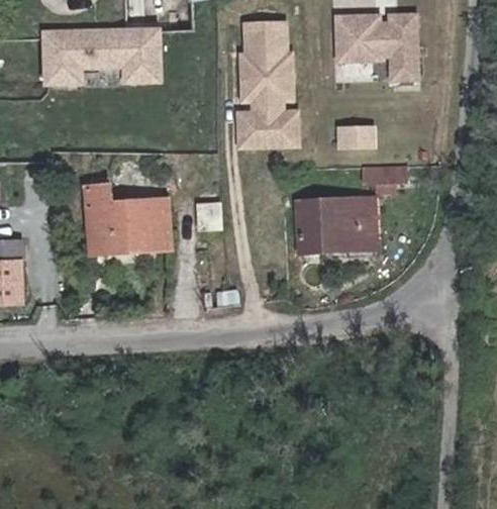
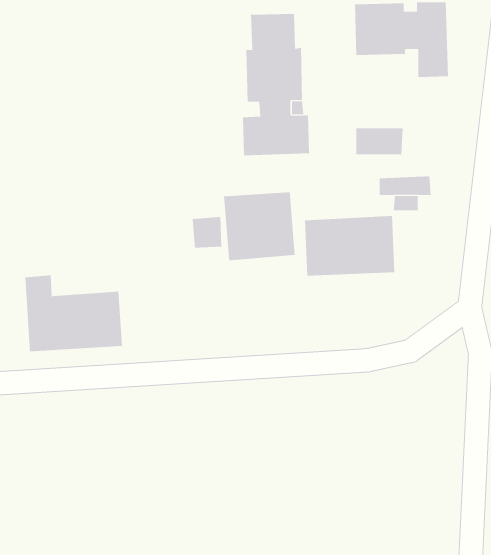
building: [46,30,160,82] -> none
building: none -> [224,192,295,261]
building: [83,186,168,252] -> [25,275,123,352]

